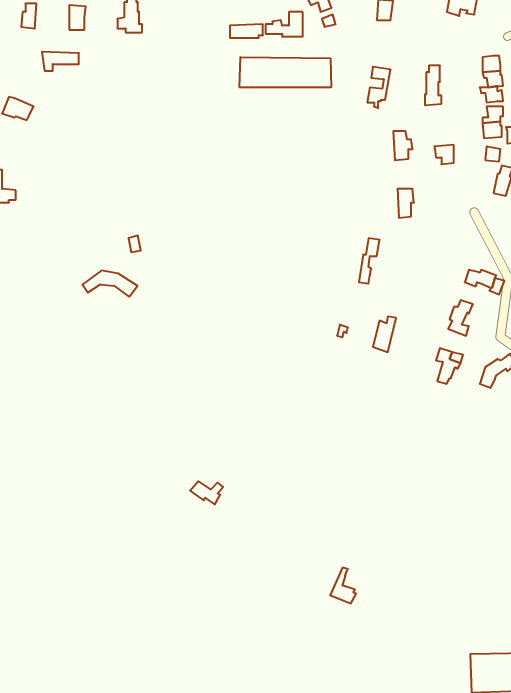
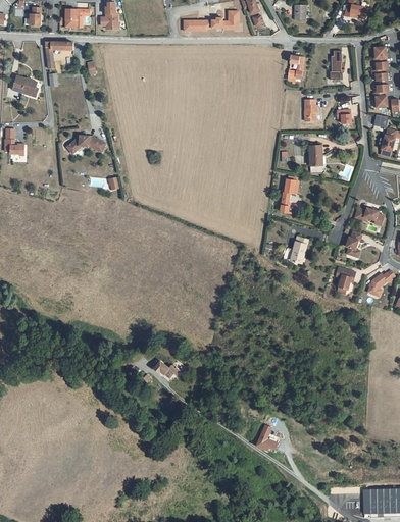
building: [240,57,331,87] -> none
building: [82,271,137,297] -> [65,137,106,156]

